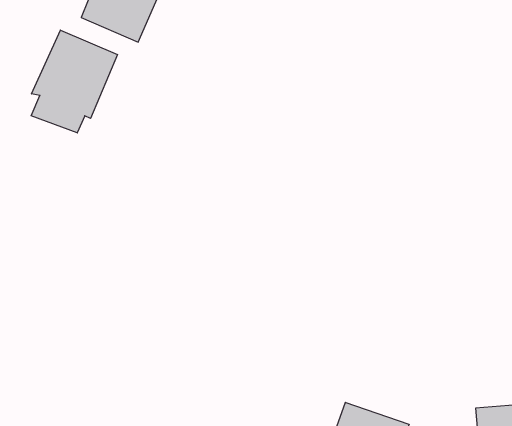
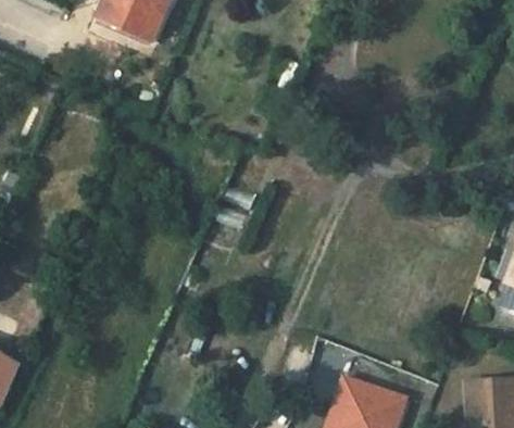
building: [31,30,118,133] -> none

